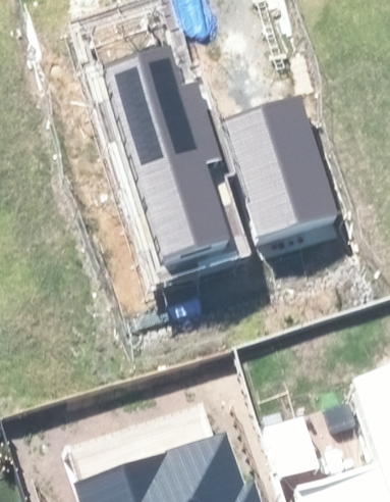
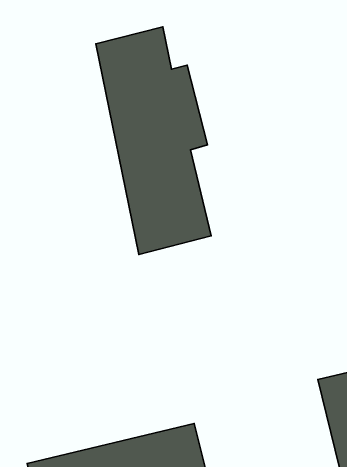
building: [221,98,334,244] -> none

